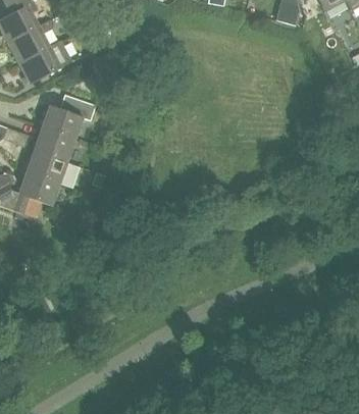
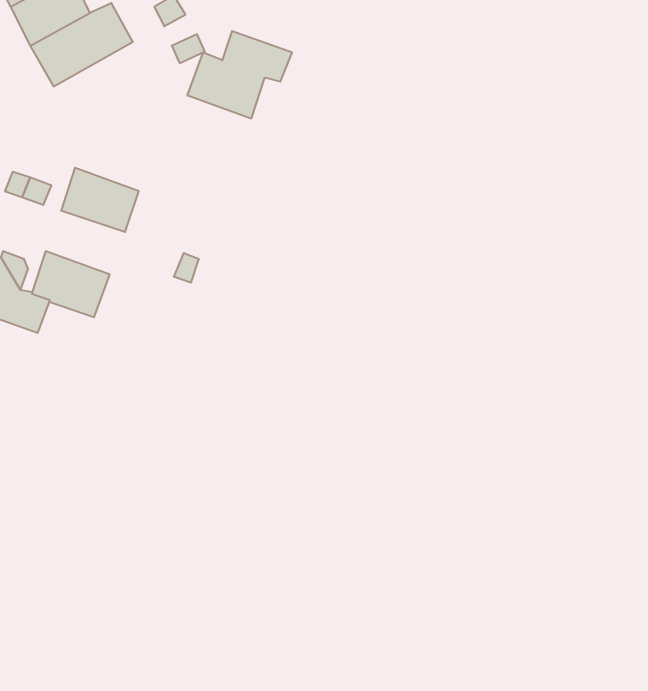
building: [41,93,96,139] -> [187,31,292,118]
building: [25,149,79,187] -> none

